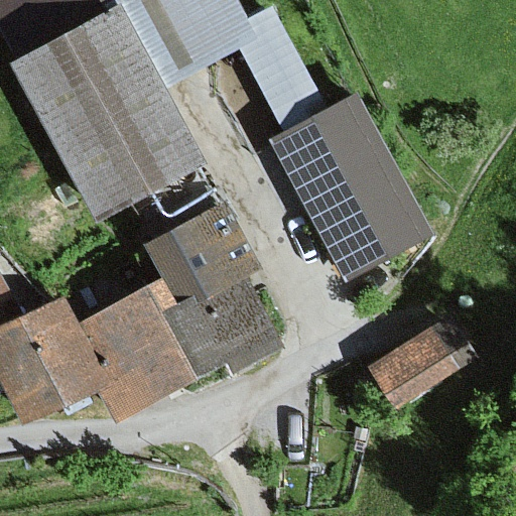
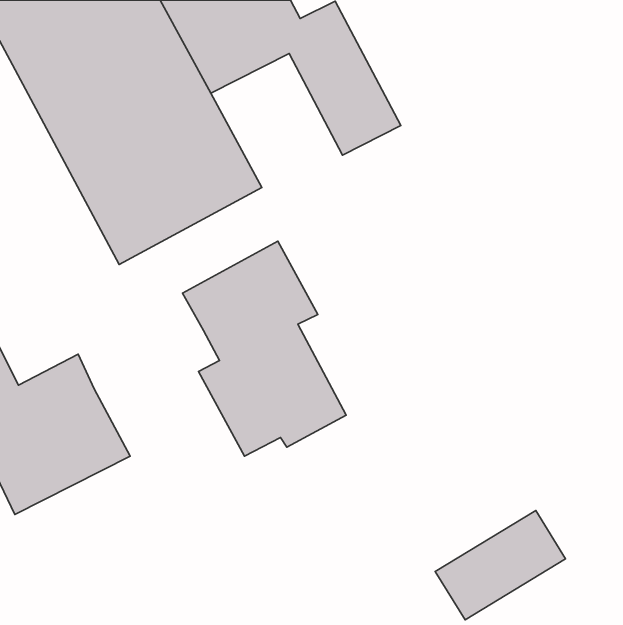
building: [267,94,432,282] -> none
building: [77,276,199,416] -> none
building: [367,320,473,409] -> [435,510,566,620]

